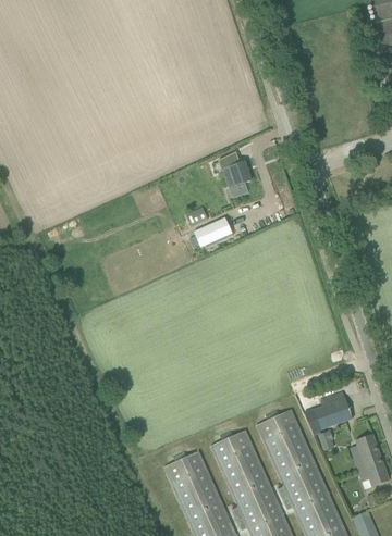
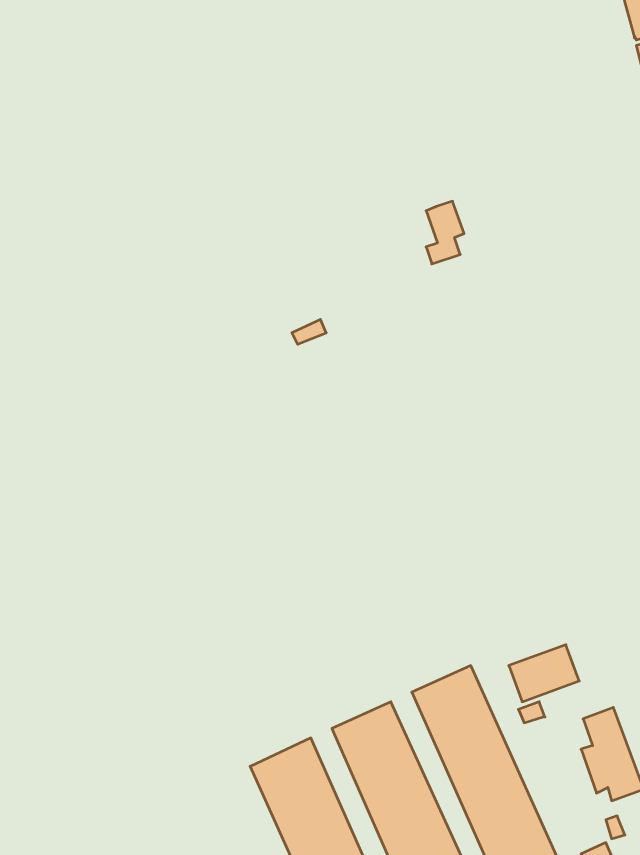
building: [229,161,250,197] -> [426,201,464,264]
building: [194,216,232,247] -> none

